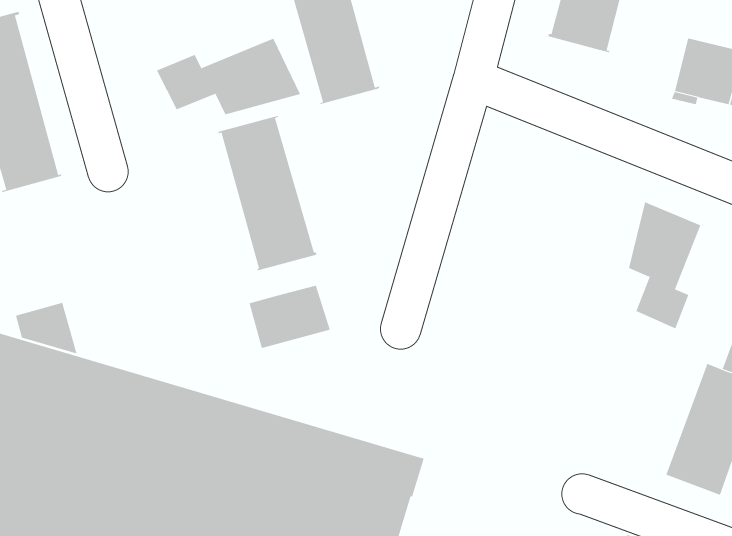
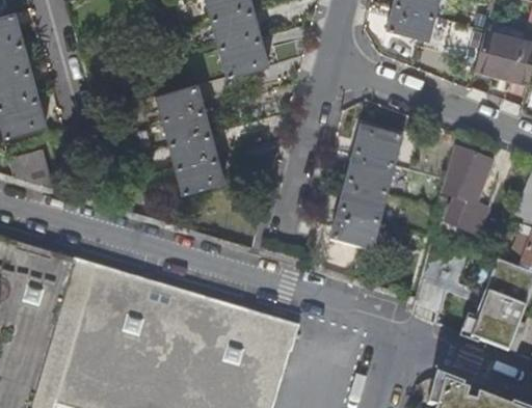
building: [156,38,301,115] -> none
building: none -> [328,126,403,251]
building: [249,285,331,349] -> none
building: [15,302,78,354] -> [9,152,53,188]

